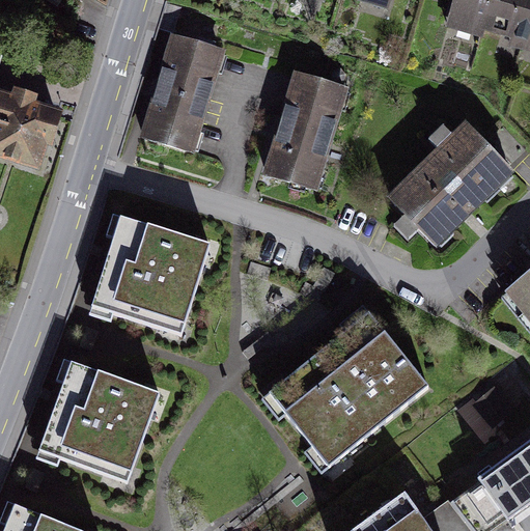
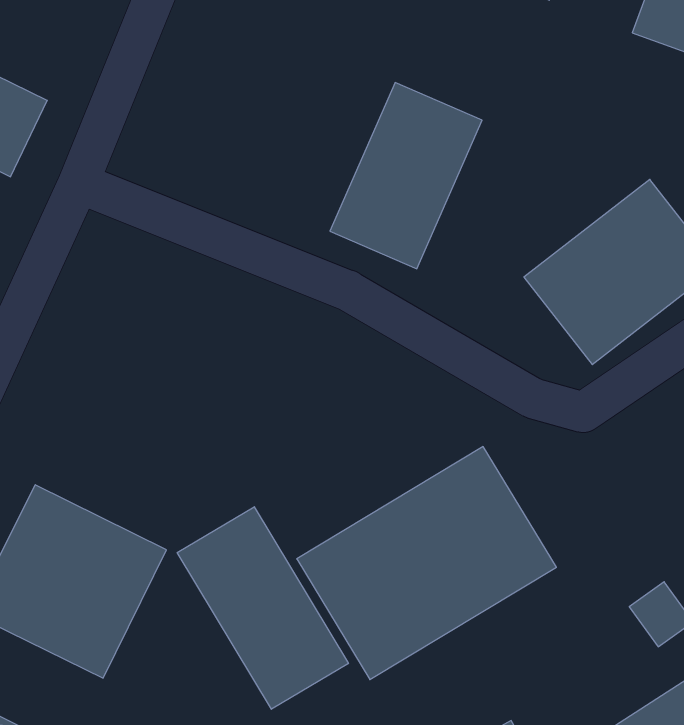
building: [138,38,227,155] -> none
building: [88,213,212,330] -> none
building: none -> [177,507,348,709]

